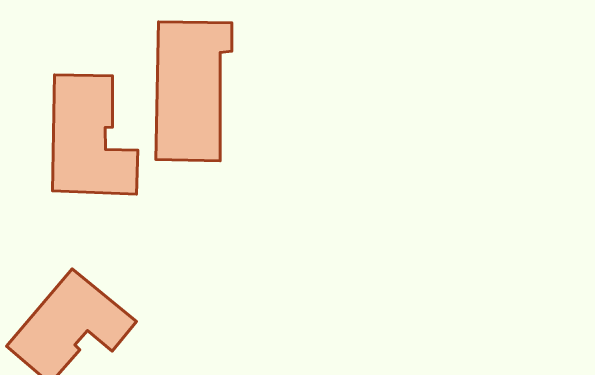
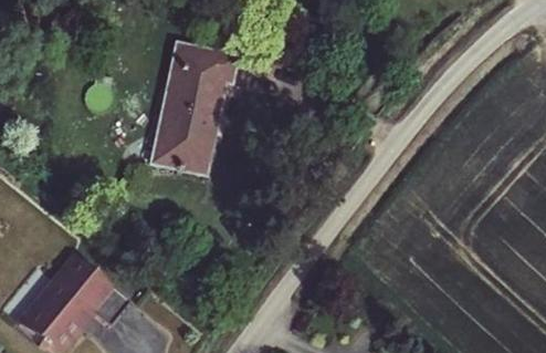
building: [52,75,138,194] -> none

